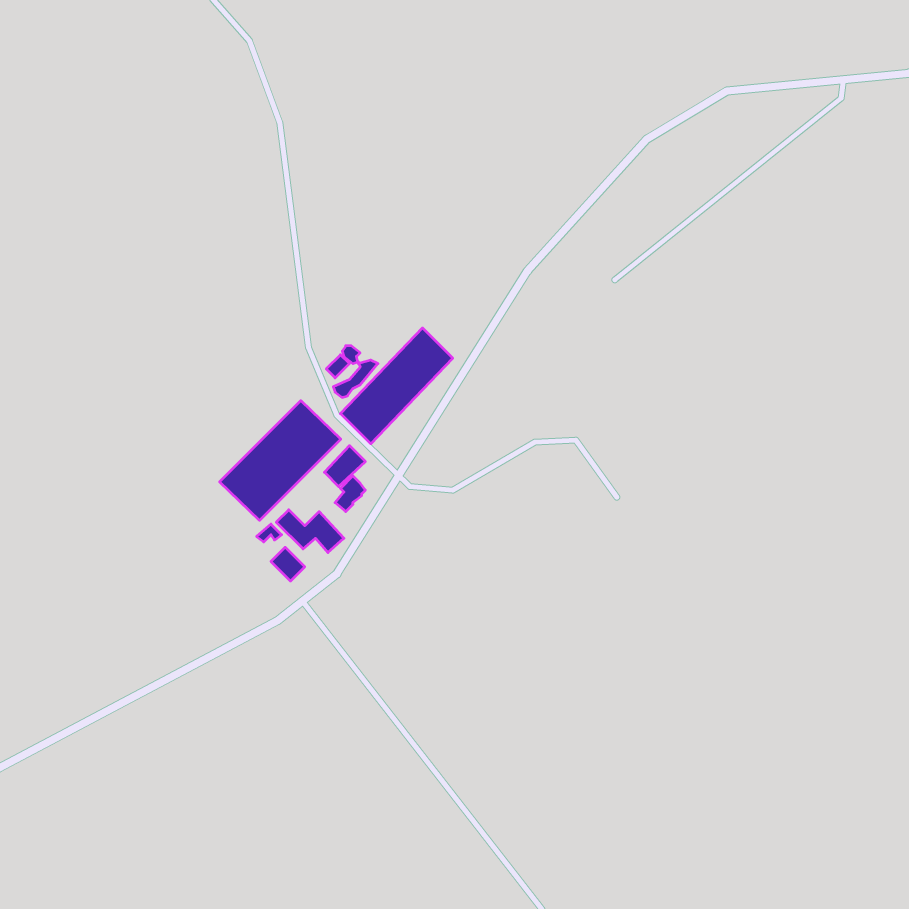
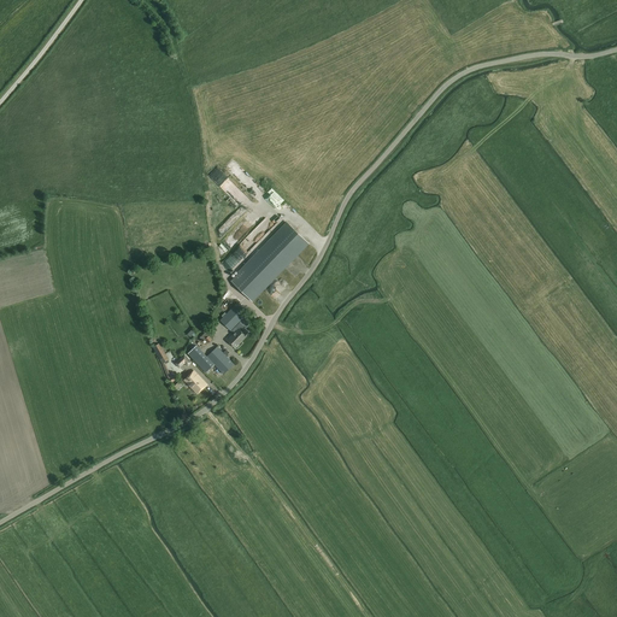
building: [220,401,341,520] -> none

